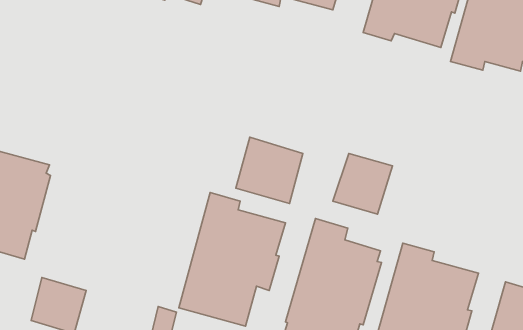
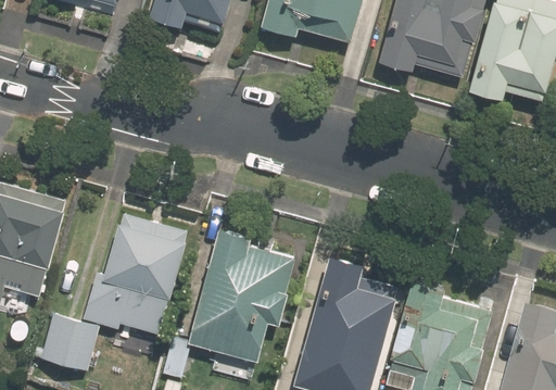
building: [236,137,303,204] -> none
building: [333,153,393,214] -> none
building: none -> [83,212,187,332]

